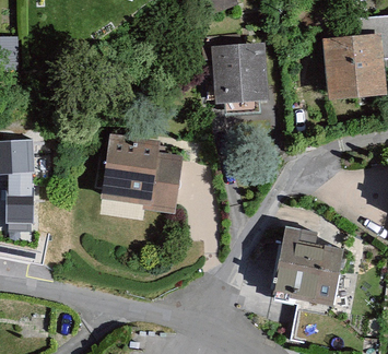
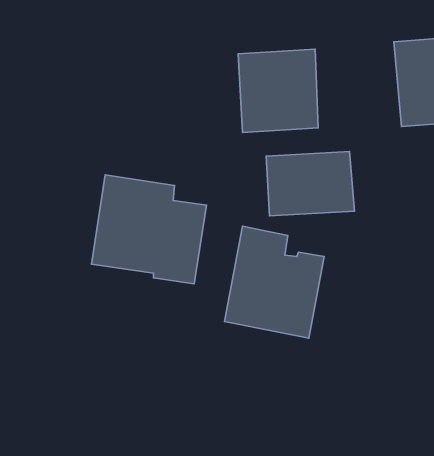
building: none -> [266,152,355,216]
building: [270,226,342,307] -> [224,226,324,338]

